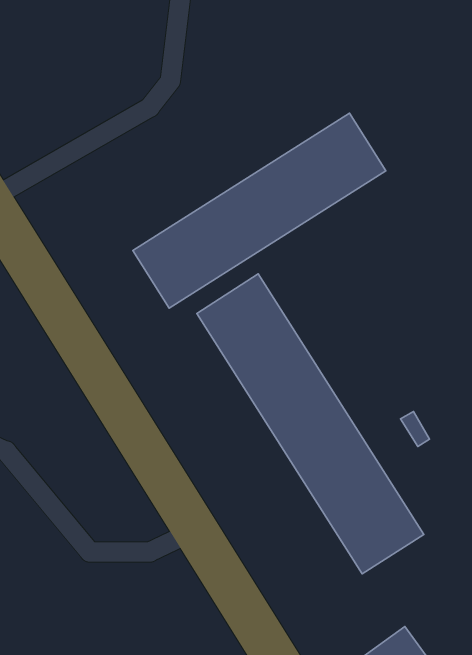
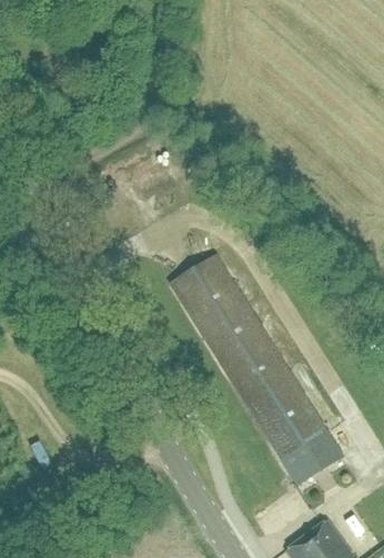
building: [133,113,386,308] -> none

